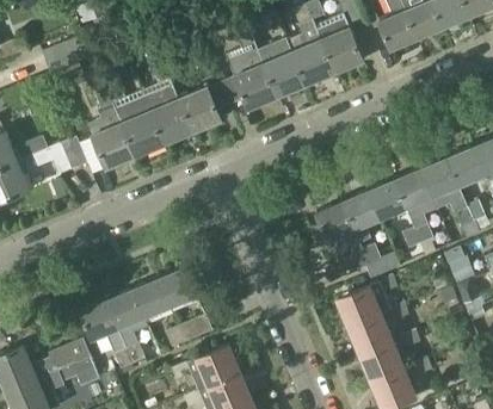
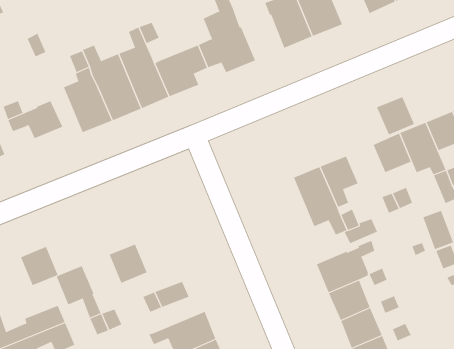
building: [264,52,306,98] -> none
building: [368,181,406,219] -> [376,96,415,135]
building: [159,268,197,308] -> none
building: [106,290,144,329] -> [20,246,59,286]

